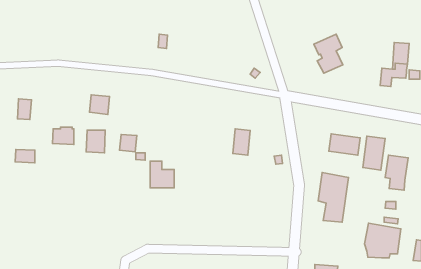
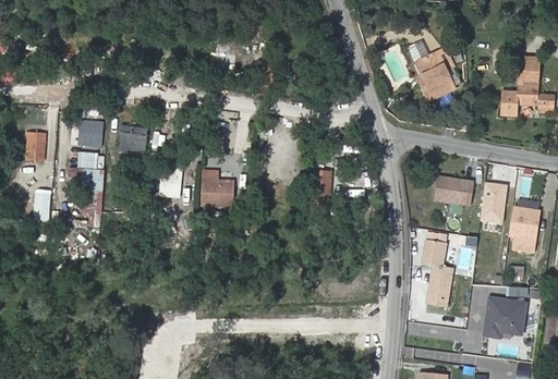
building: [86,130,105,153] -> [78,119,104,148]
building: [150,161,174,188] -> [201,168,232,203]

